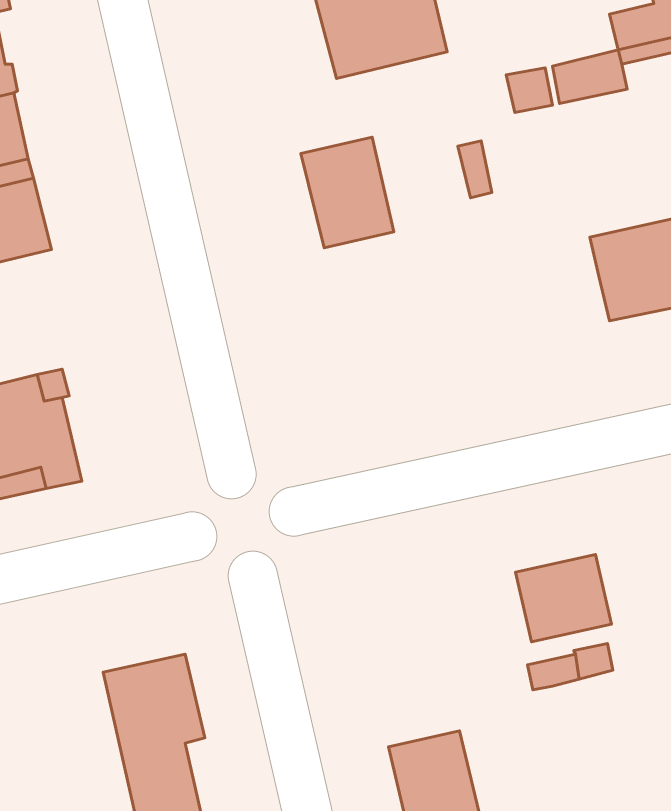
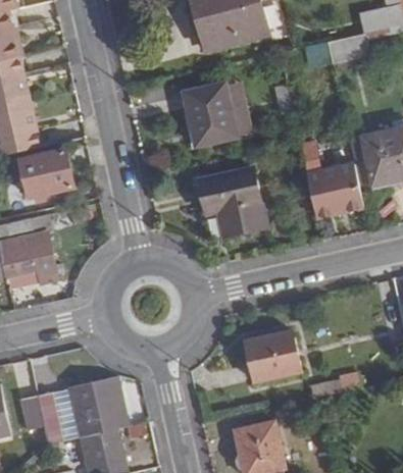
building: none -> [299,140,364,214]
building: none -> [20,149,74,197]
building: none -> [199,167,266,235]
building: [515,554,612,642] -> [246,331,301,381]
building: none -> [19,391,65,443]

